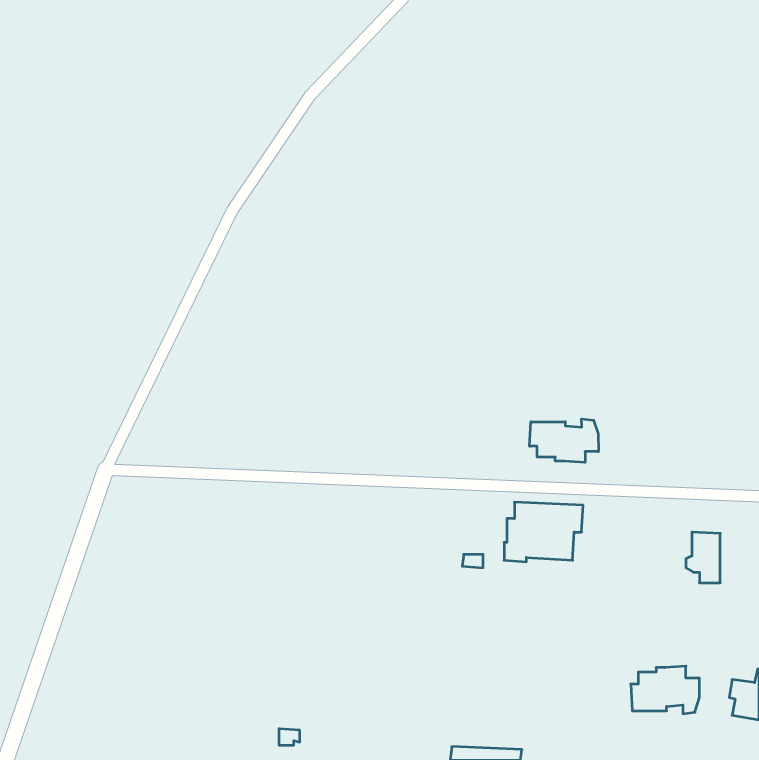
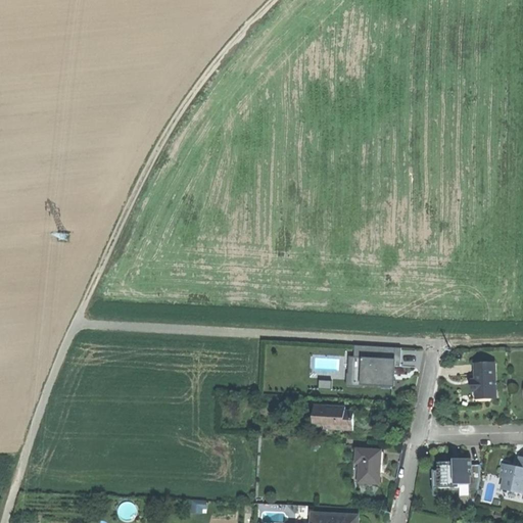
building: [530,419,598,462] -> none
building: none -> [313,407,352,431]
building: none -> [355,450,380,484]

